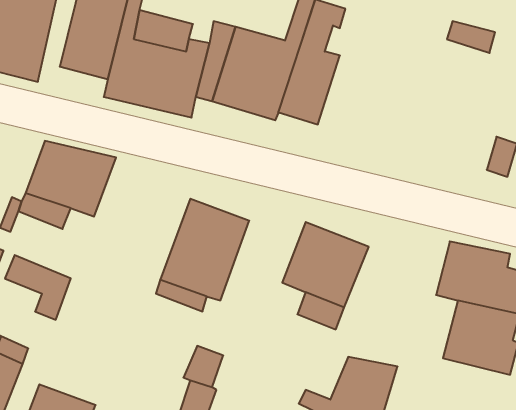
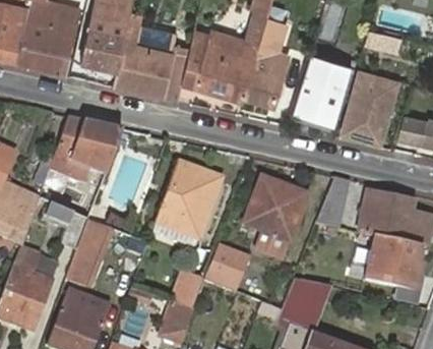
building: none -> [291,53,353,125]
building: none -> [343,72,396,142]
building: none -> [317,179,351,228]
building: none -> [68,220,108,282]
building: none -> [210,245,248,285]

